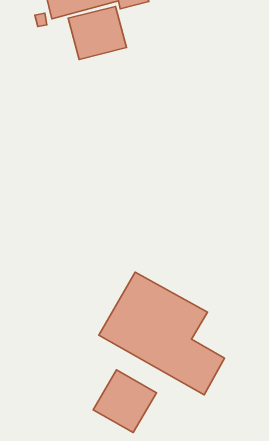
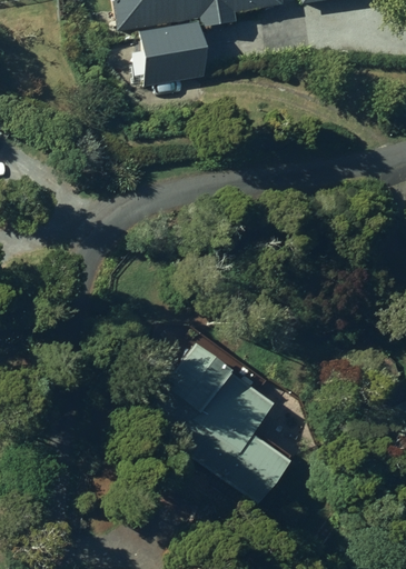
building: [93,370,157,433] -> none

